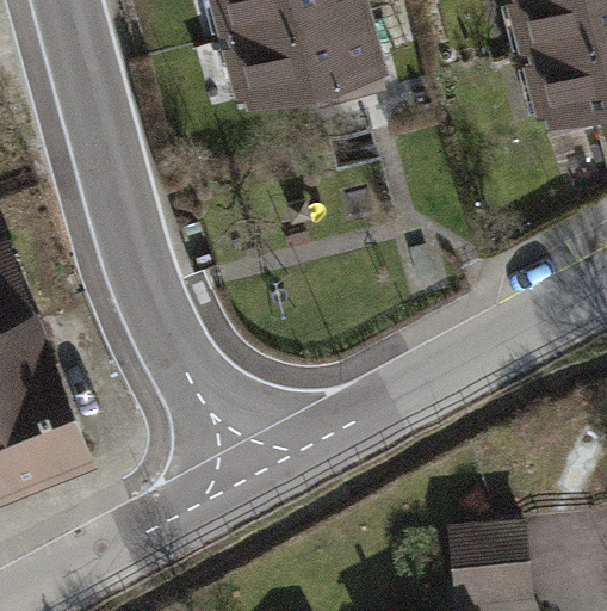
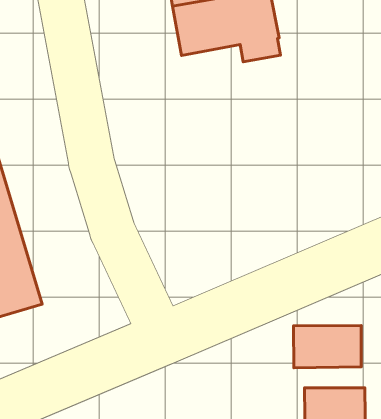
building: none -> [294,325,361,368]

